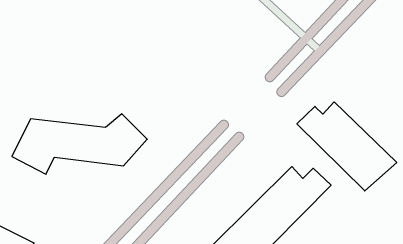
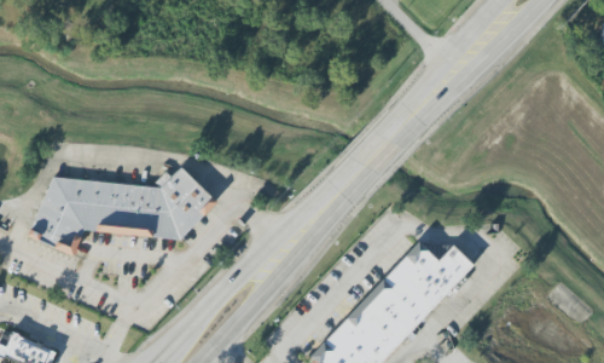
building: [297,102,397,191] -> none

